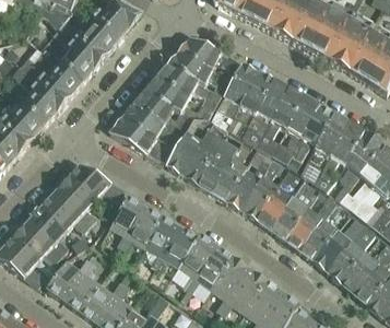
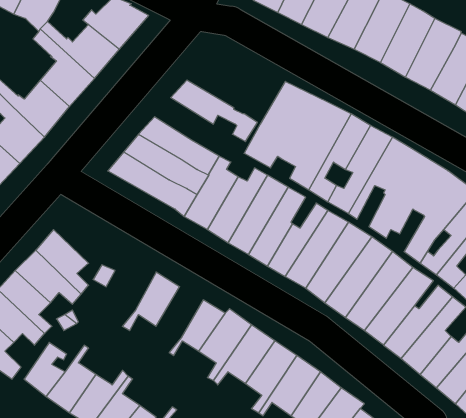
building: [168,37,238,94] -> none
building: [144,75,212,125] -> none
building: [69,163,125,200] -> none
building: [109,195,145,246] -> none
building: [145,216,180,266] -> none

